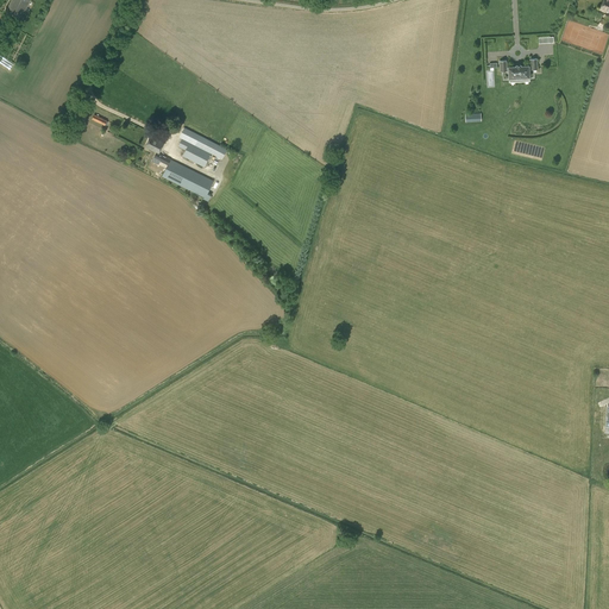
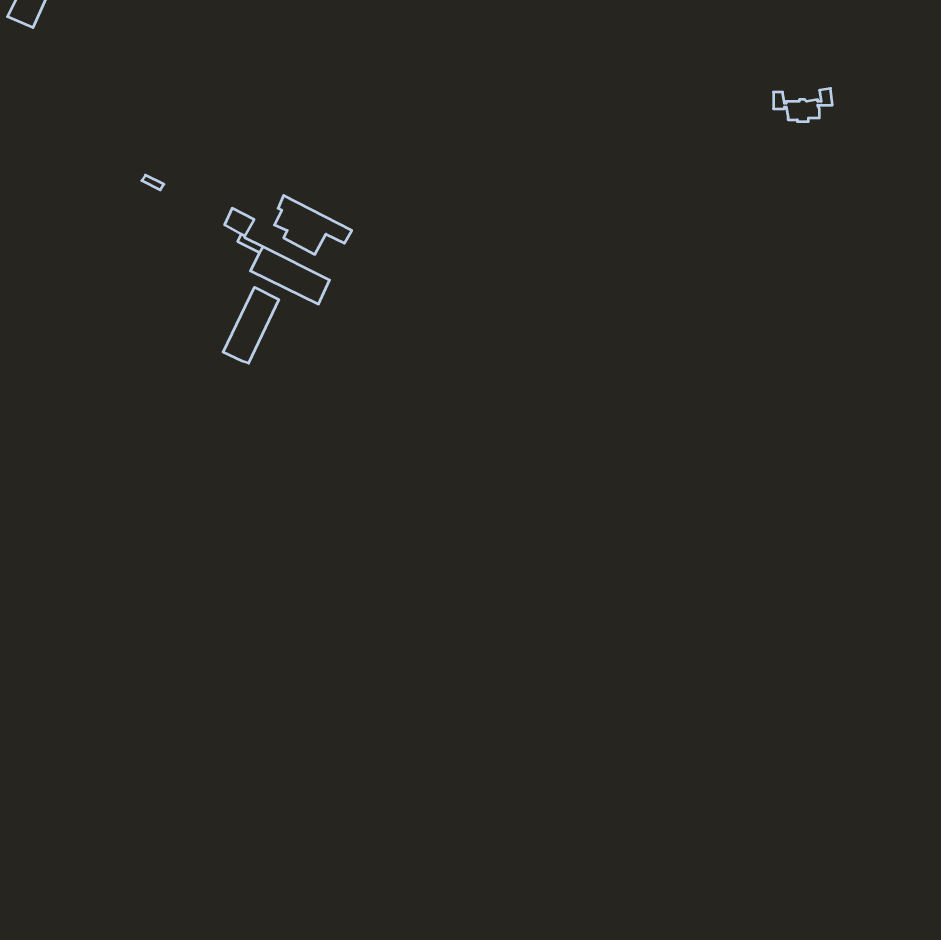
building: none -> [223,287,279,363]

